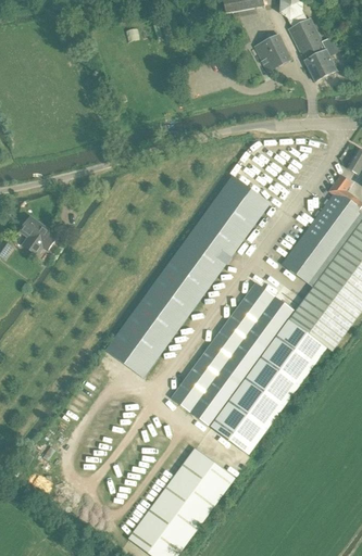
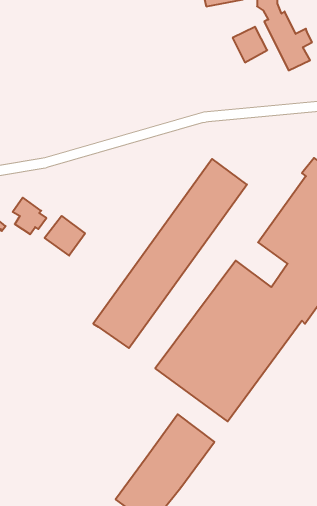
building: none -> [45,216,85,256]

